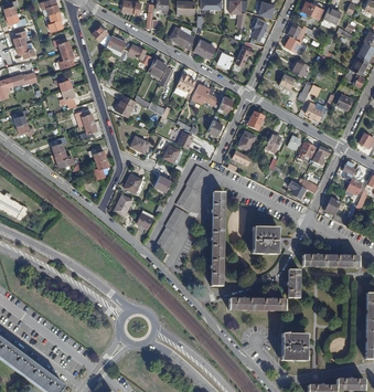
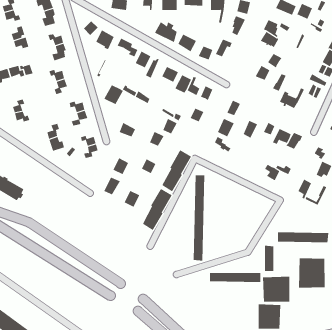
building: [253,226,278,253] -> none
building: none -> [298,258,325,288]
building: none -> [262,276,290,303]

